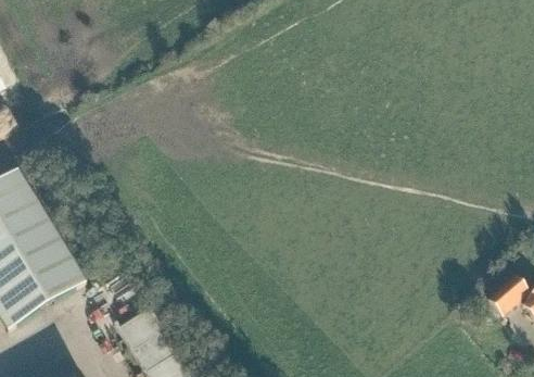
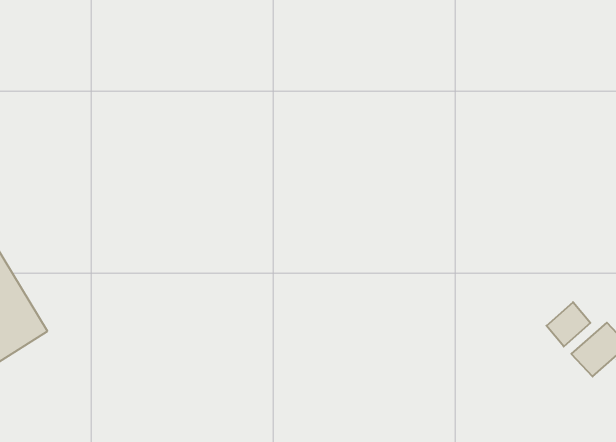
building: none -> [546,302,590,347]

